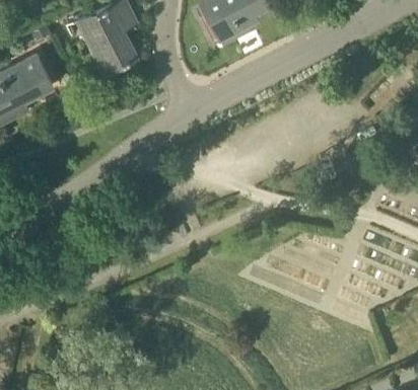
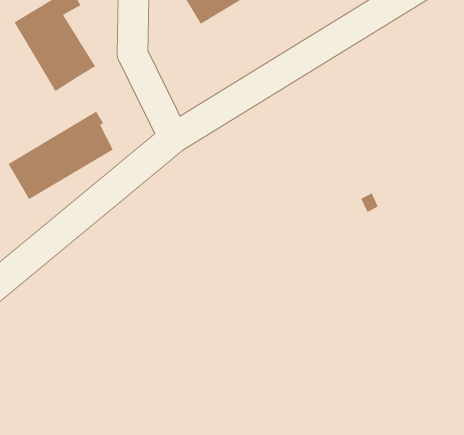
building: none -> [7,111,114,200]

